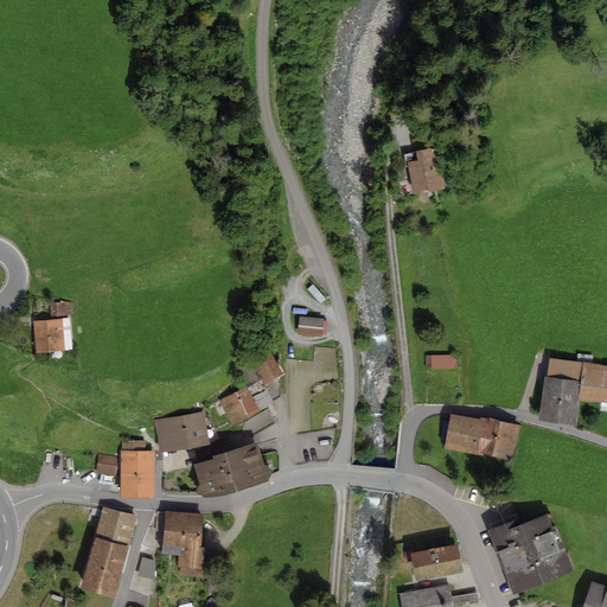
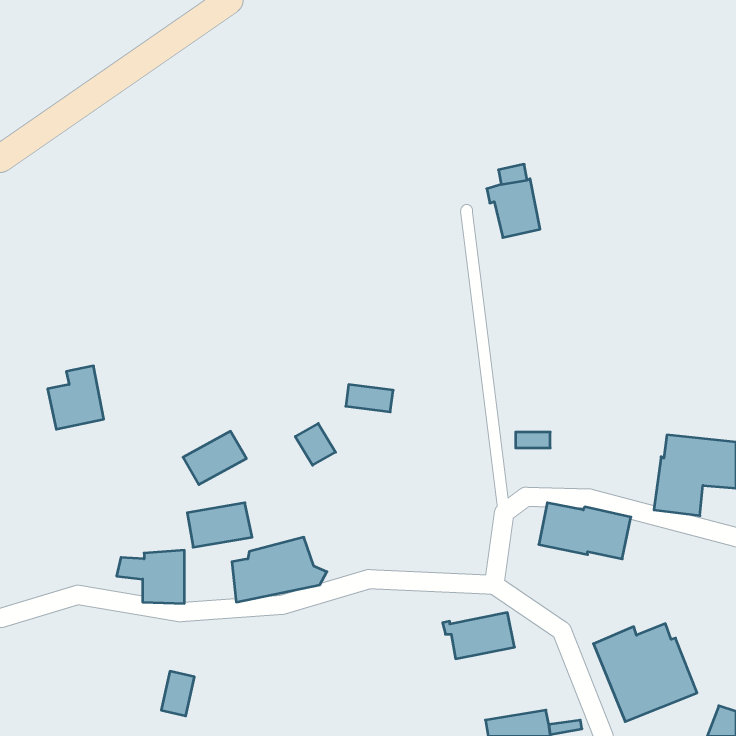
building: [213,381,266,424] -> [183,431,246,485]
building: [84,511,133,594] -> none
building: [162,515,205,564] -> none
building: [404,544,464,582] -> [443,613,515,659]

